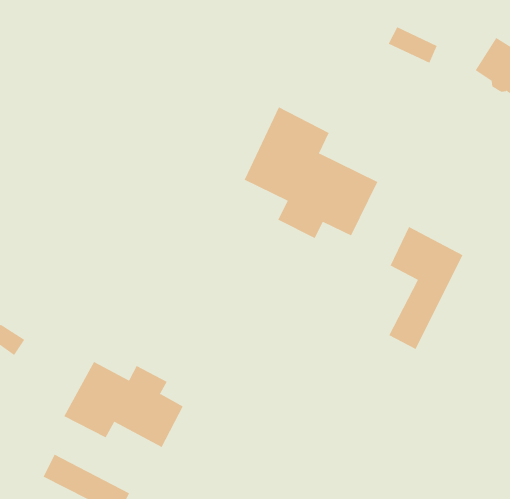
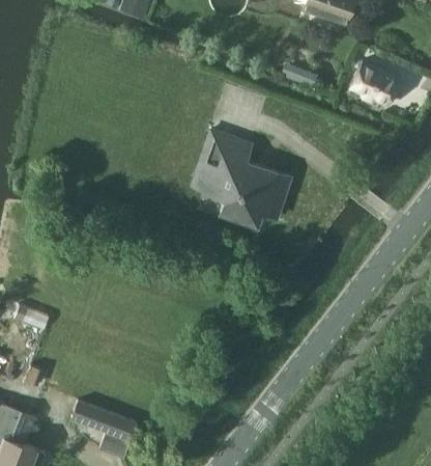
building: [389,226,463,350] -> none
building: [63,361,184,448] -> none

